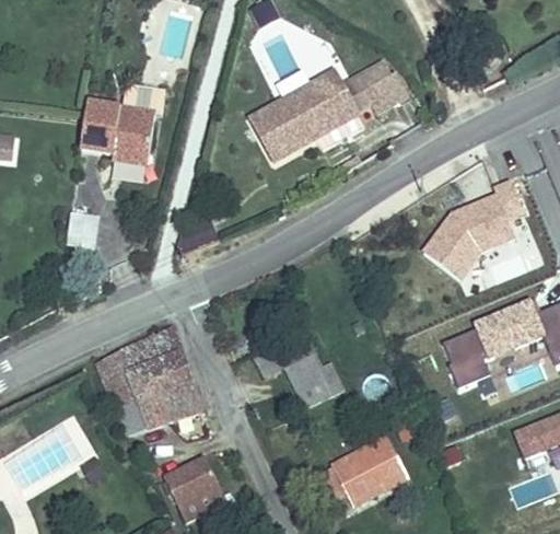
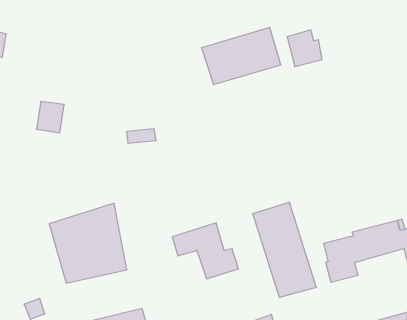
building: [75,86,160,169] -> none
building: [423,178,525,276] -> none
building: none -> [253,202,316,298]

